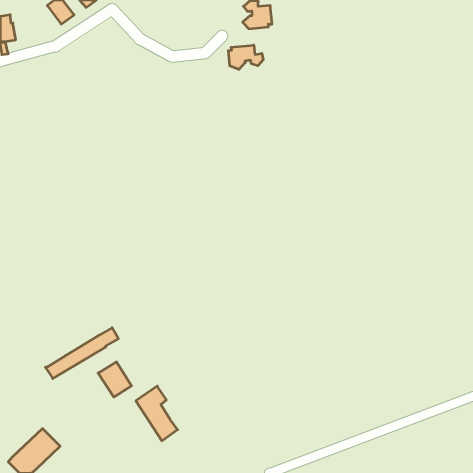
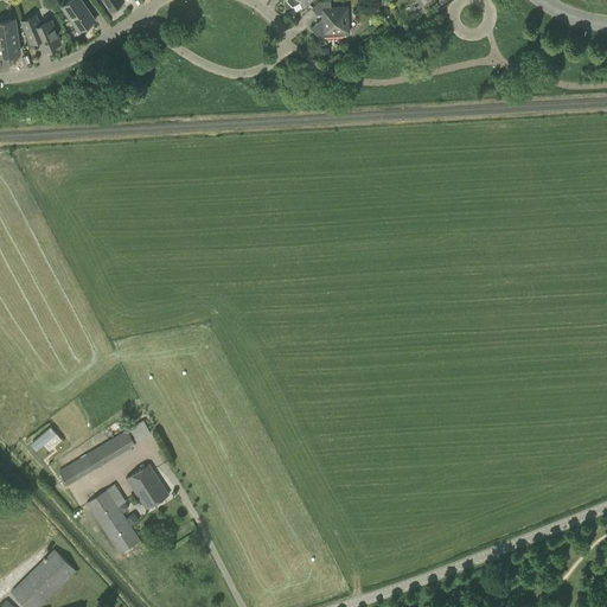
building: none -> [21,15,60,50]
building: [228,45,263,69] -> none
building: [136,386,178,441] -> [87,484,140,554]

